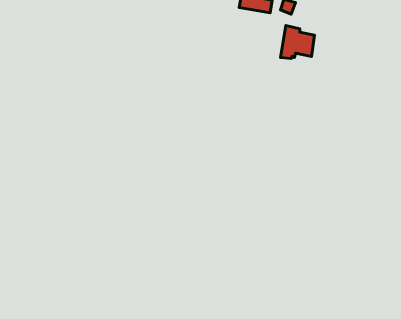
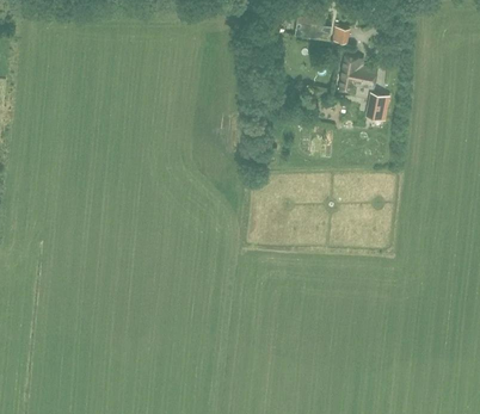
building: none -> [364,92,389,121]

